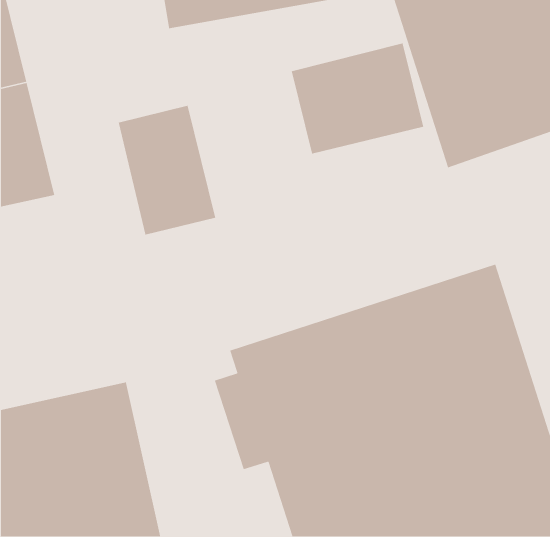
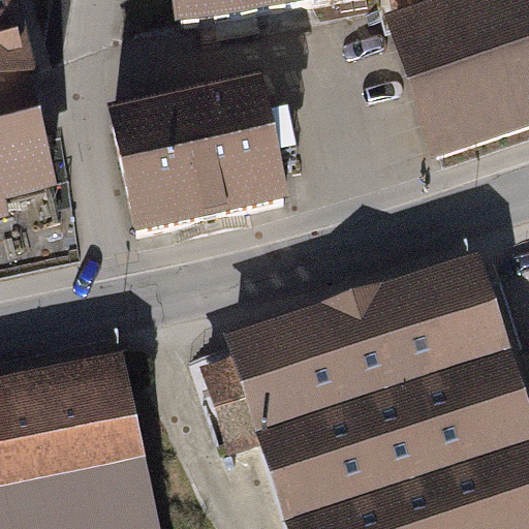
building: [291,43,424,154] -> none
building: none -> [182,84,280,209]

